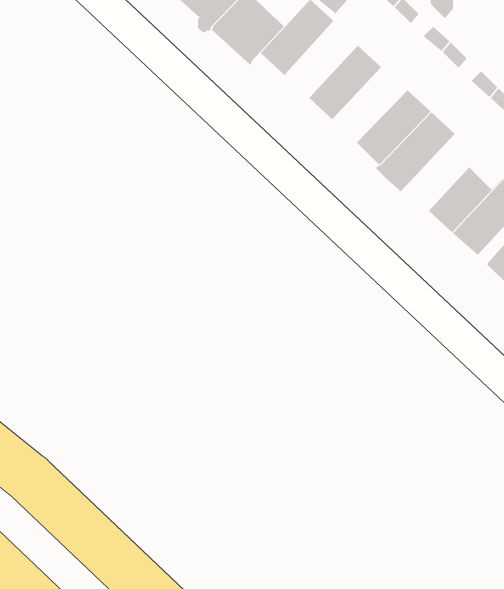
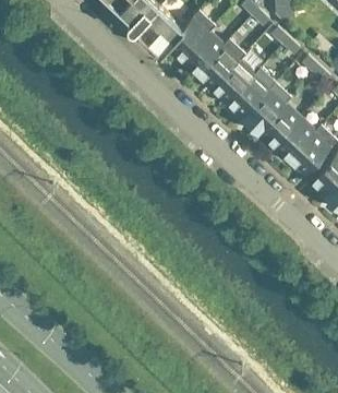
building: none -> [183,25,230,74]
building: none -> [214,55,262,103]
building: none -> [257,97,301,146]

